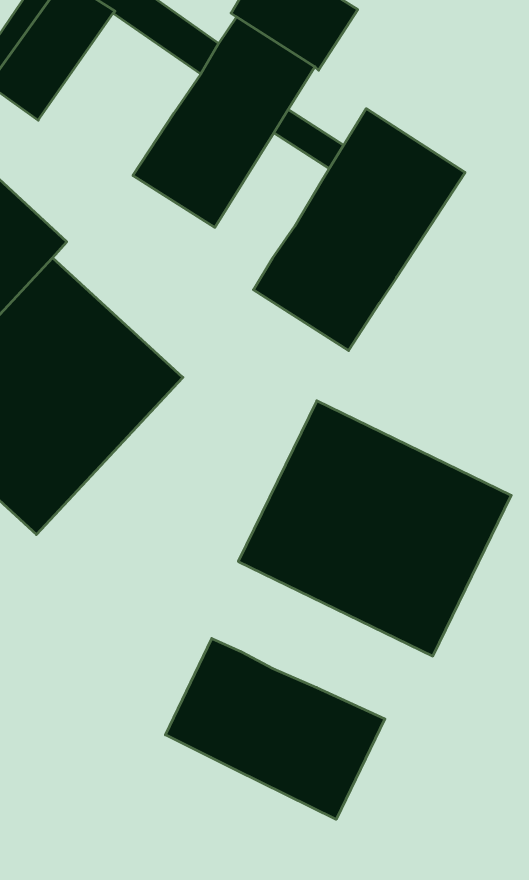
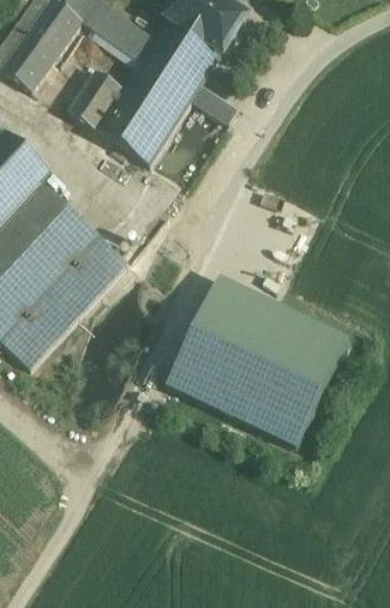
building: none -> [70,66,125,126]
building: [253,109,465,351] -> none
building: [165,638,385,819] -> none

